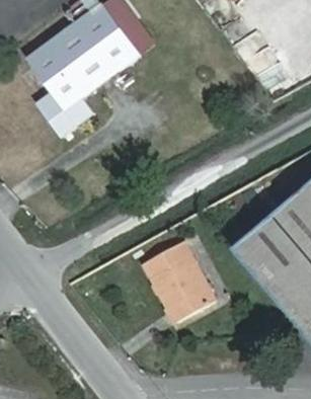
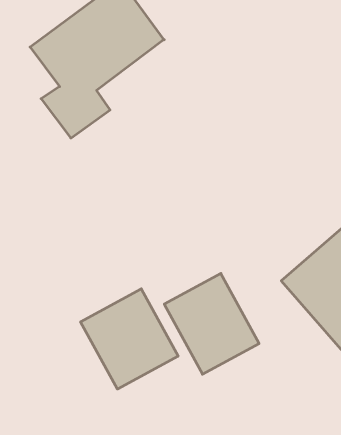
building: none -> [81,289,178,389]

